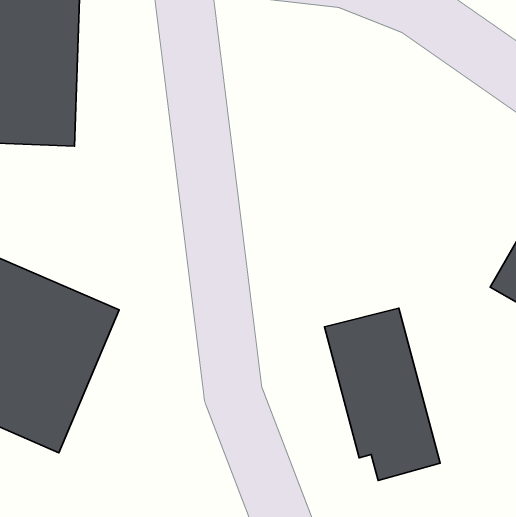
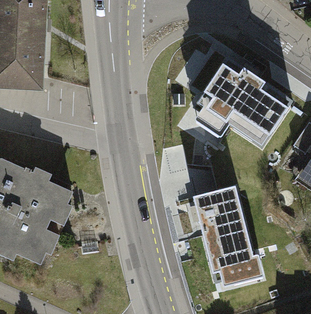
building: none -> [199,61,293,148]

